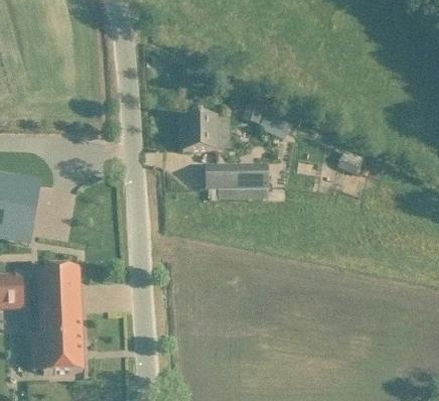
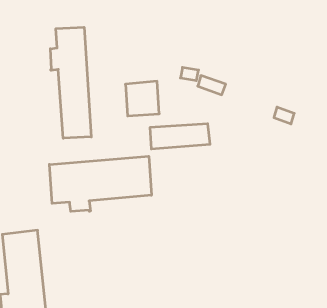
building: none -> [50,27,91,138]
building: none -> [49,156,151,211]

